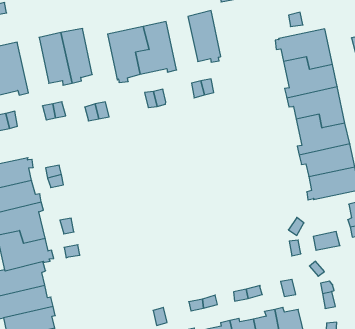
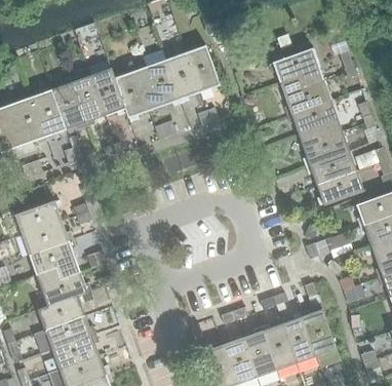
building: none -> [165,51,199,102]
building: none -> [89,67,125,116]
building: none -> [31,88,65,141]

